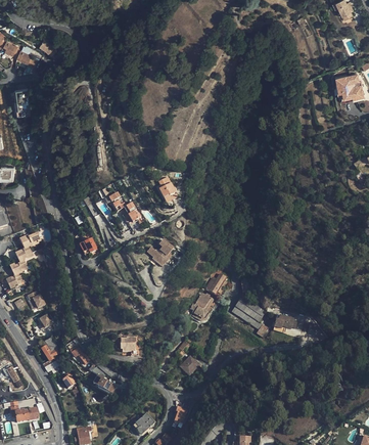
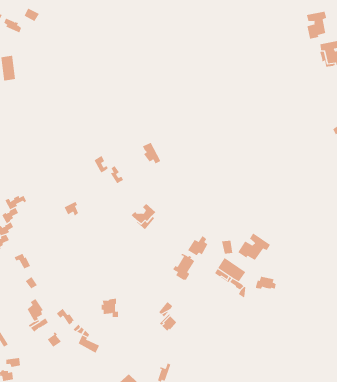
building: none -> [306,11,327,39]
building: none -> [238,232,271,261]

